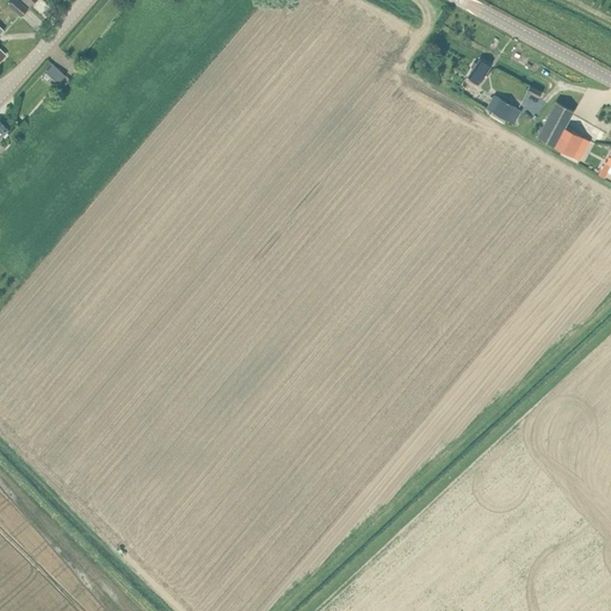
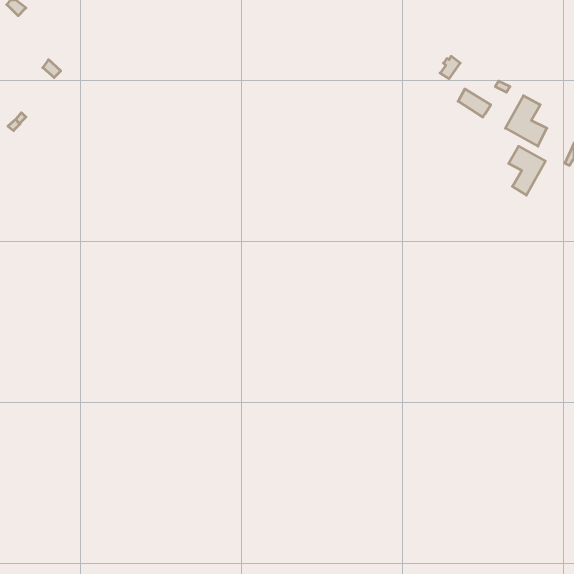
building: none -> [509,146,545,195]

